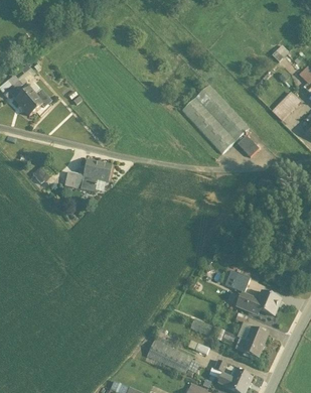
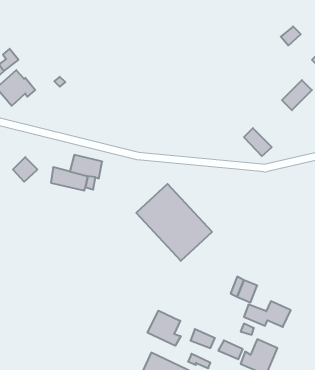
building: [181,85,250,154] -> [136,184,212,261]
building: none -> [148,311,181,346]

